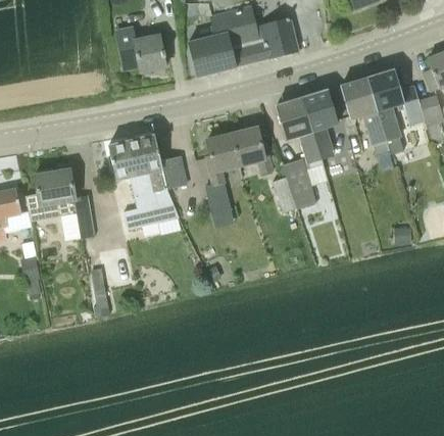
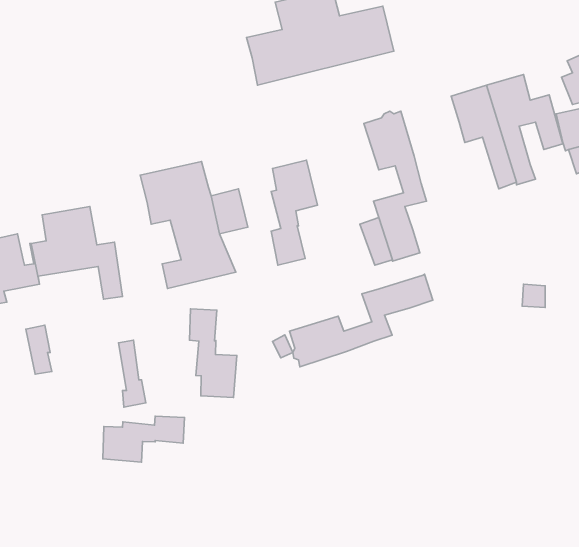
building: [115,26,166,70] -> none
building: [303,89,339,150] -> none
building: [233,127,274,174] -> none
building: none -> [290,274,433,367]
building: none -> [190,309,237,397]
building: none -> [103,416,184,462]

